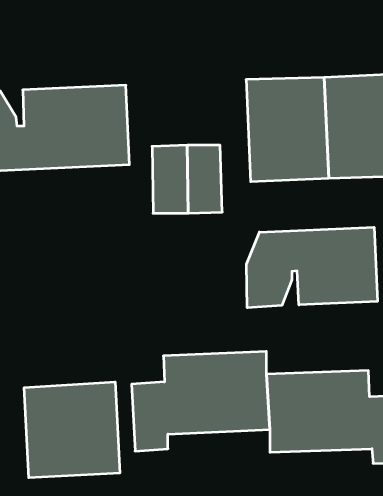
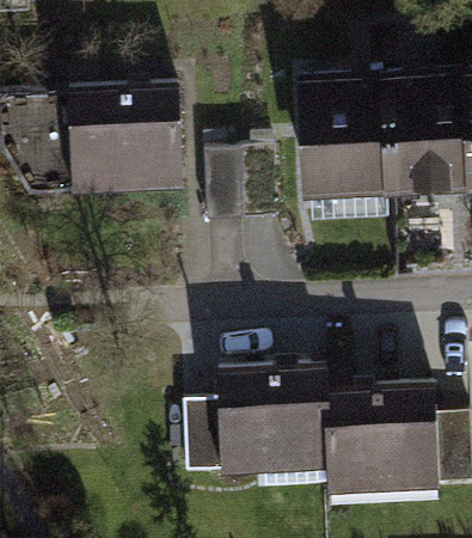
building: [246,227,377,308] -> none
building: [24,382,120,478] -> none

